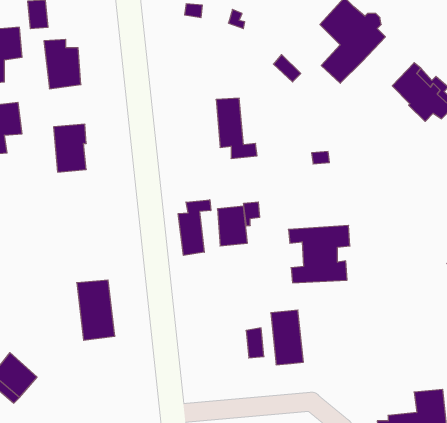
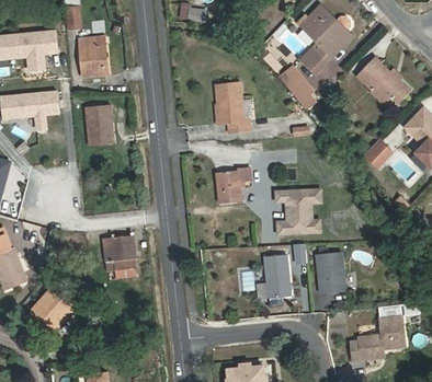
building: none -> [284,67,319,108]
building: none -> [363,137,394,167]
building: [178,200,211,255] -> none
building: none -> [312,254,341,294]

